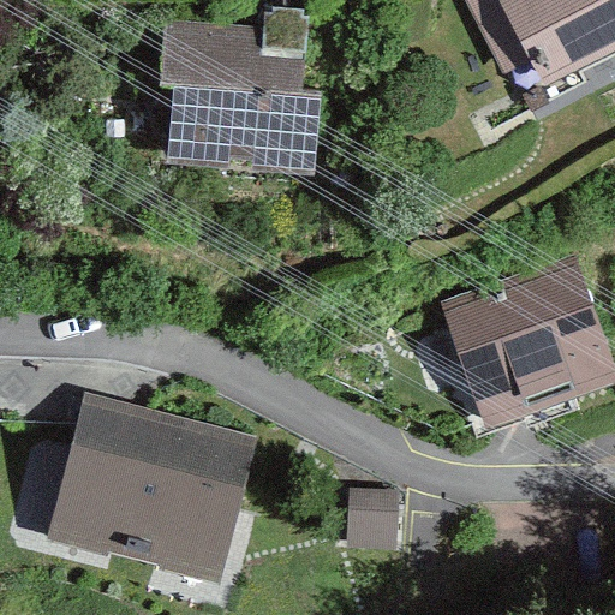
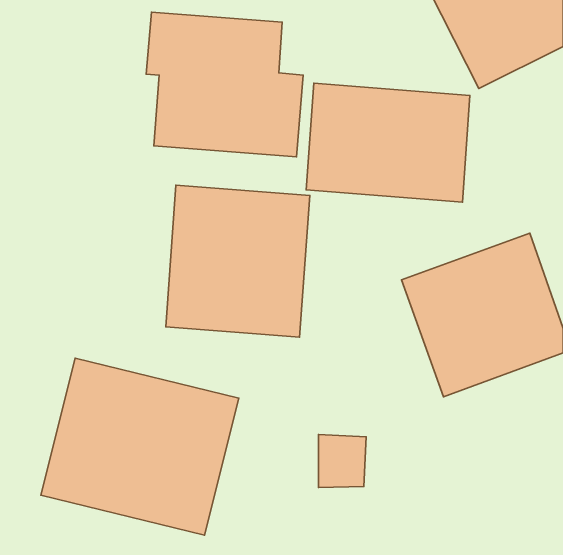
building: none -> [306,83,470,202]
building: none -> [166,185,310,337]

